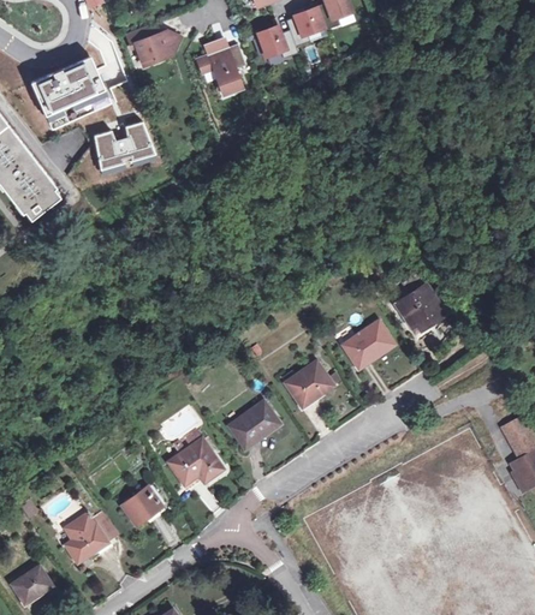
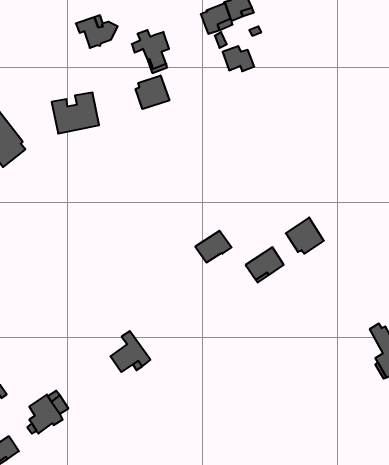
building: [257,26,298,59] -> [223,46,254,71]
building: [32,58,111,126] -> none
building: none -> [136,75,169,109]
building: [285,363,332,404] -> [195,231,232,262]
building: [230,401,279,446] -> none
building: [121,486,162,525] -> none

